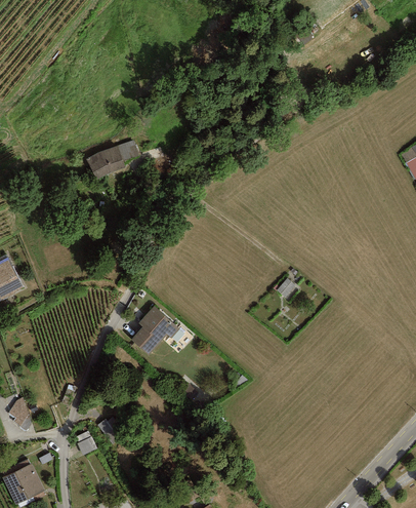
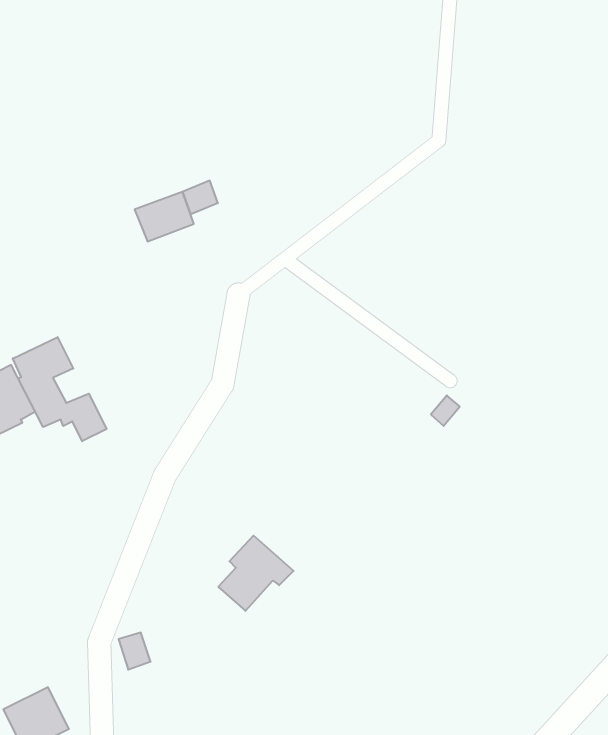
building: none -> [13,337,107,441]
building: [132,306,180,354] -> [218,536,294,611]
building: [9,396,32,430] -> none

